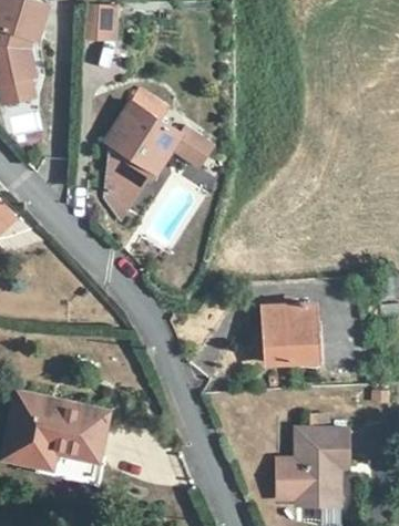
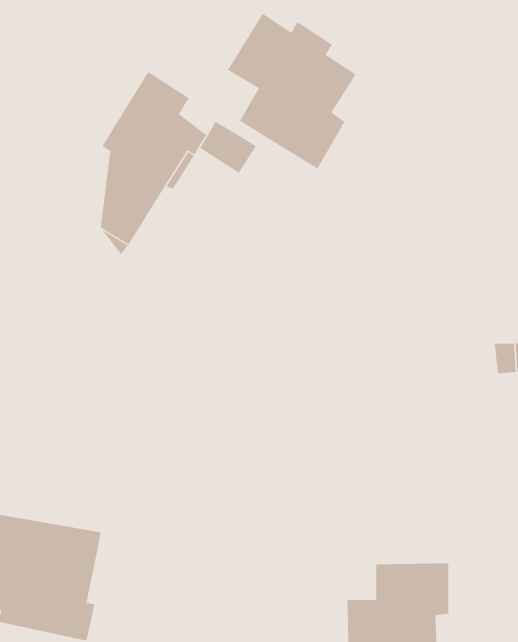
building: none -> [227,13,357,169]
building: [264,306,316,363] -> none

